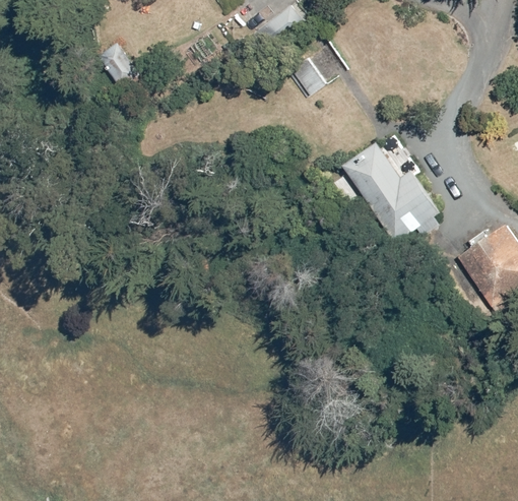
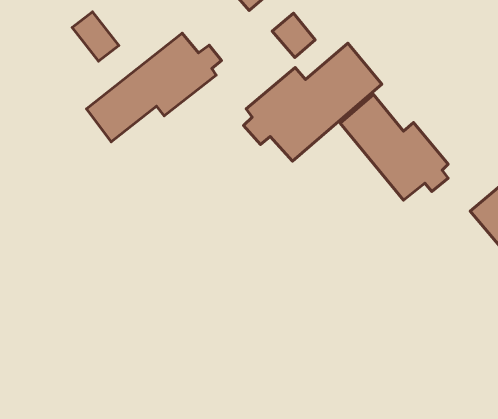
building: none -> [86,33,221,142]
building: none -> [244,43,382,161]

